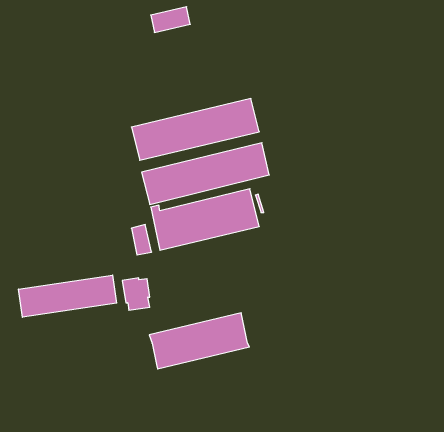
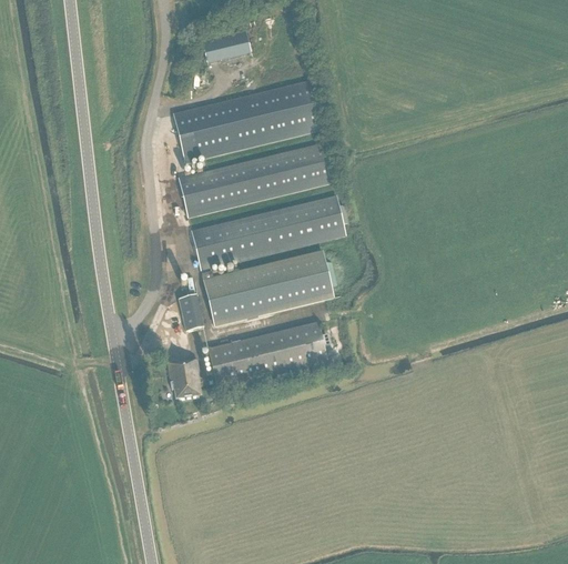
building: none -> [173,80,320,162]
building: [19,275,117,317] -> none
building: [149,313,249,369] -> [206,321,327,389]

